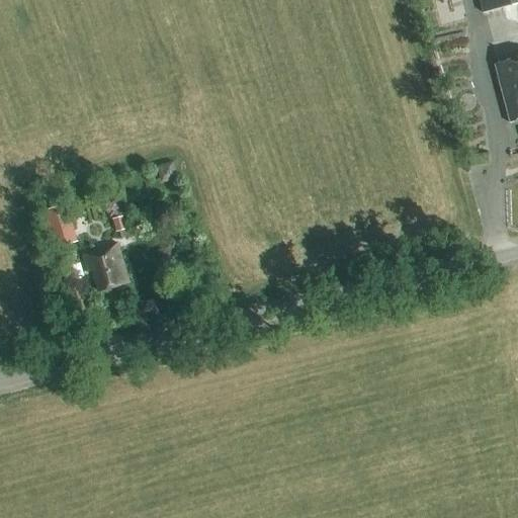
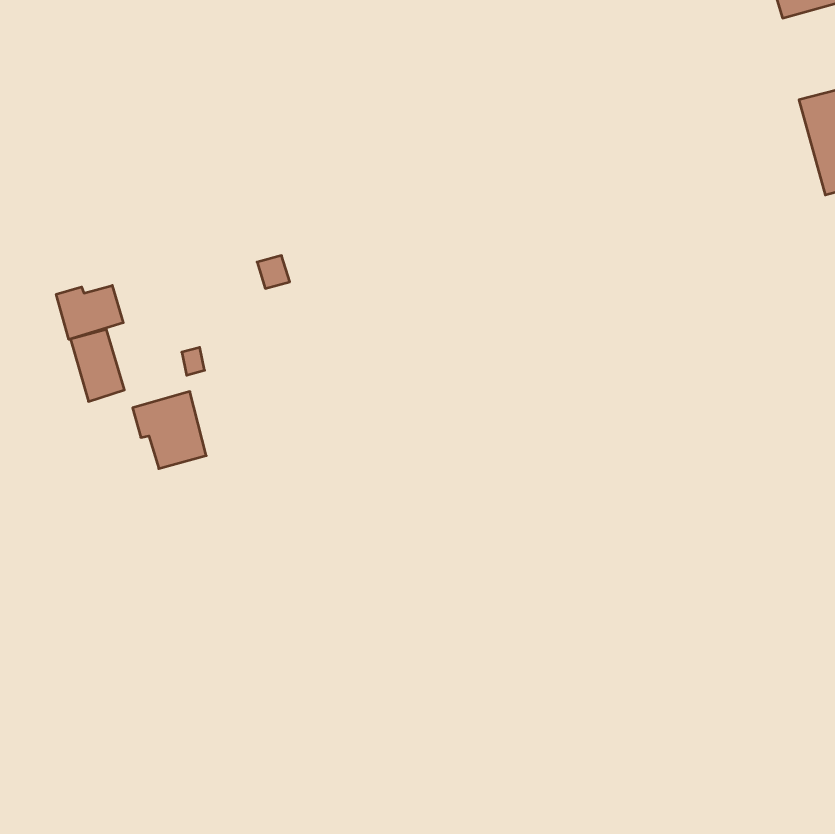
building: none -> [56,285,123,339]

